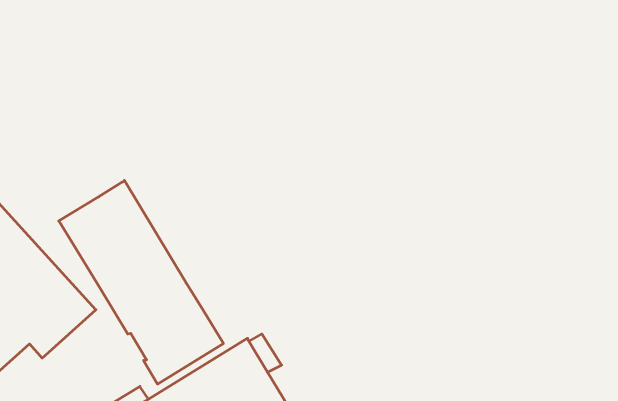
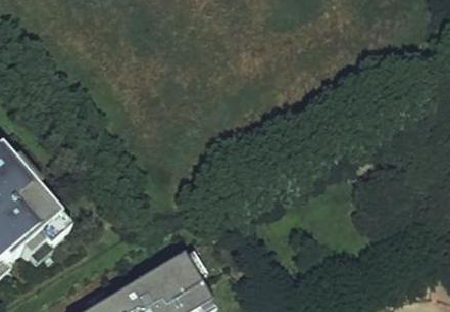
building: [59,180,223,384] -> none

